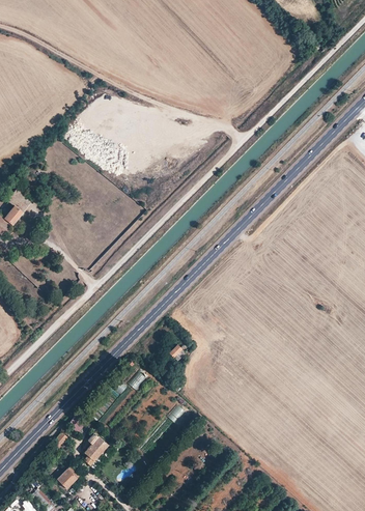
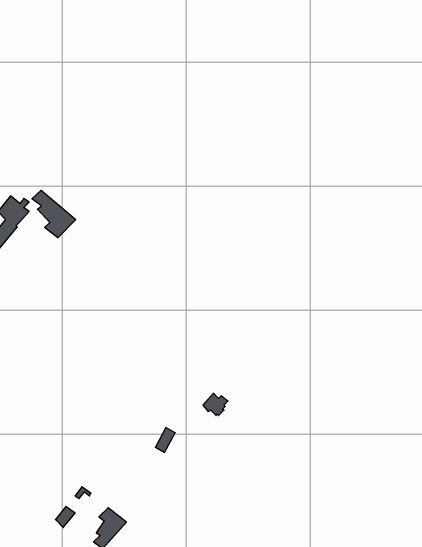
building: none -> [32,190,76,238]

